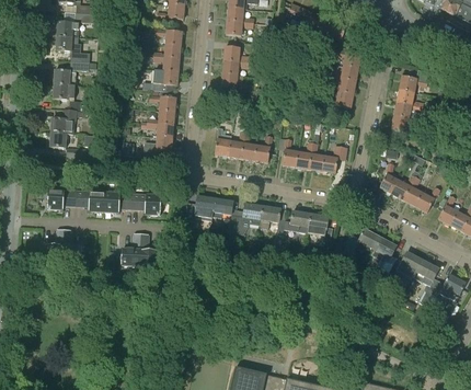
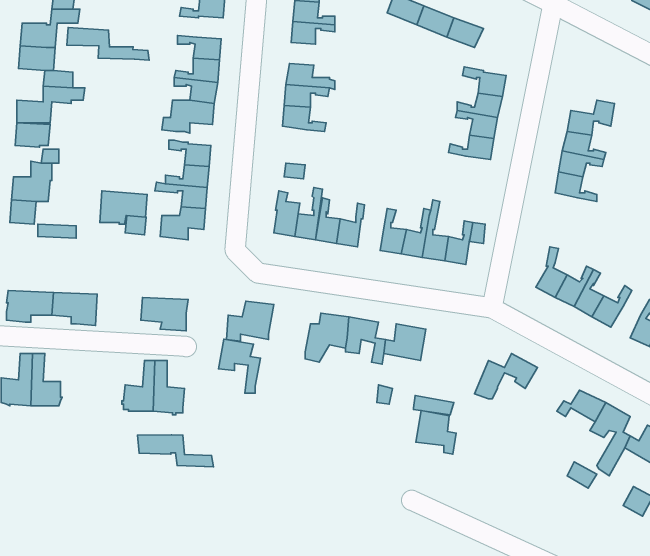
building: none -> [67,27,149,60]
building: [103,191,133,211] -> [100,191,147,224]
building: [211,197,238,231] -> [219,339,261,393]
building: [307,213,332,240] -> [416,411,456,454]
building: [372,237,397,276] -> none
building: none -> [138,435,213,467]

